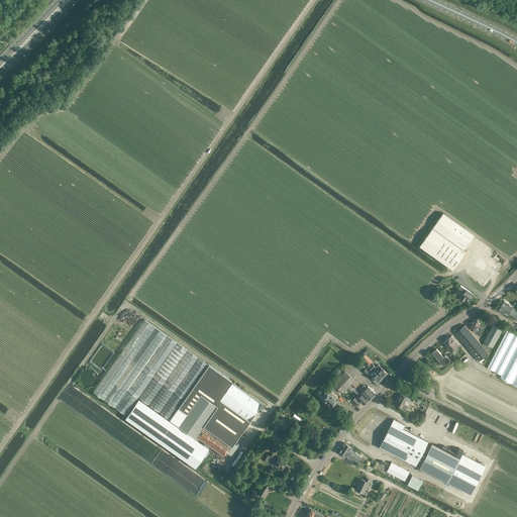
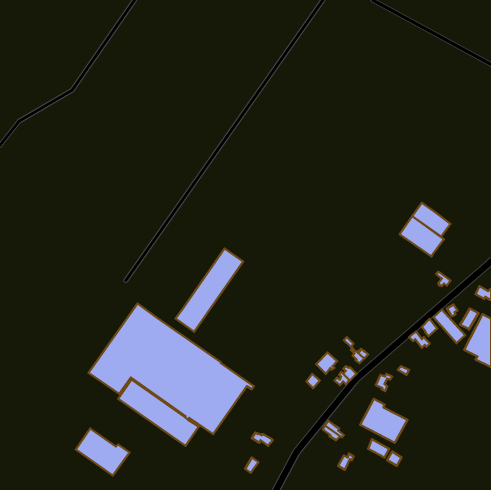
building: none -> [175,248,243,332]
building: [420,445,484,495] -> none
building: none -> [76,428,130,476]

